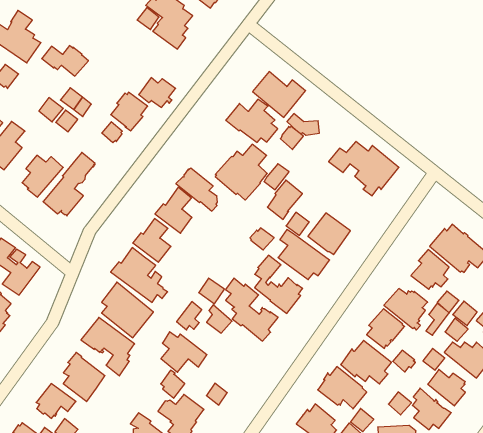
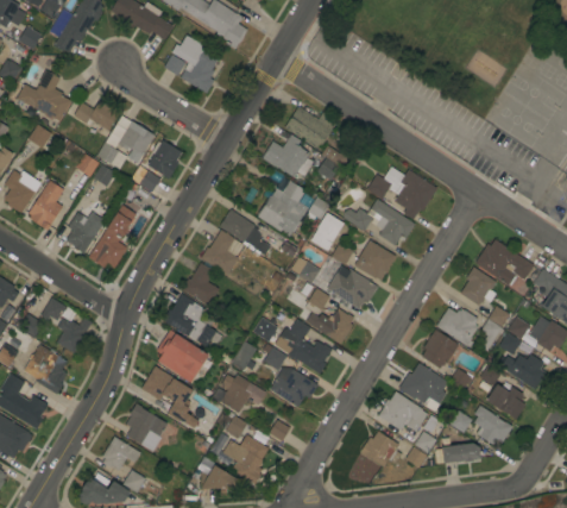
building: [139,78,176,107] -> [119,126,155,155]
building: none -> [344,199,416,245]
building: none -> [270,368,319,407]

